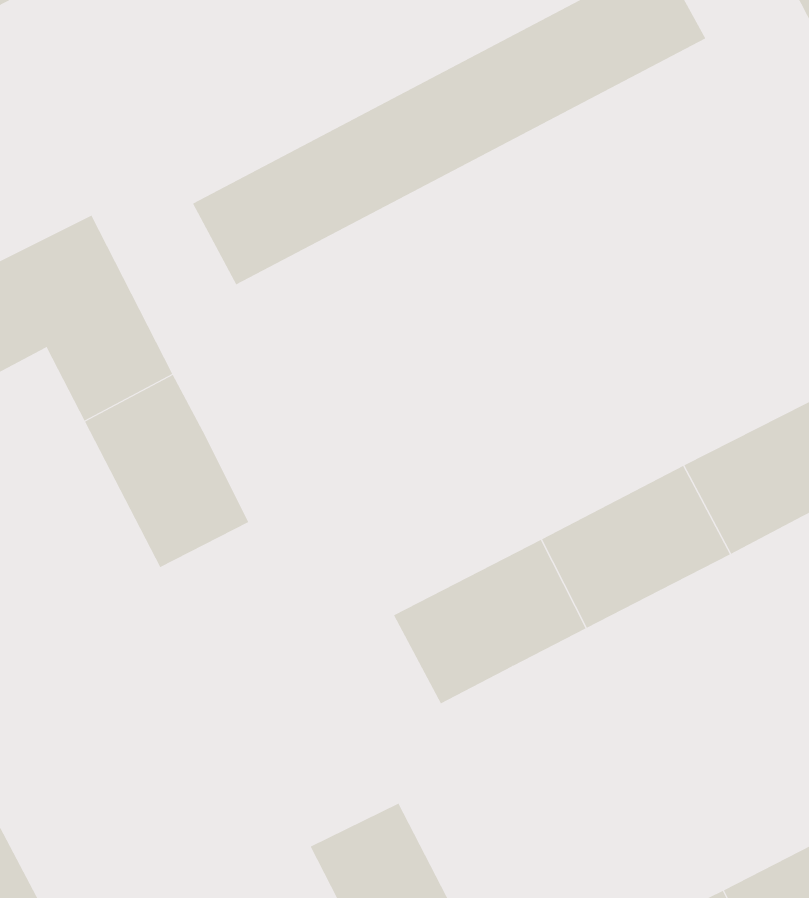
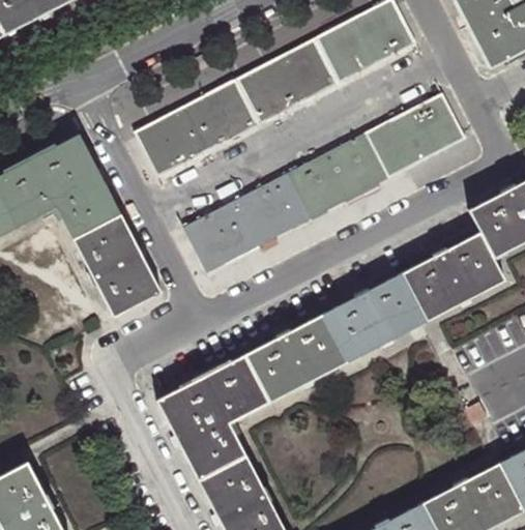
building: none -> [184,91,464,269]
building: none -> [156,355,270,481]

